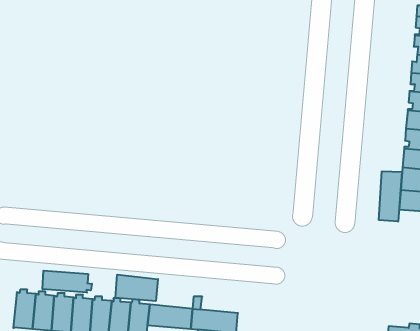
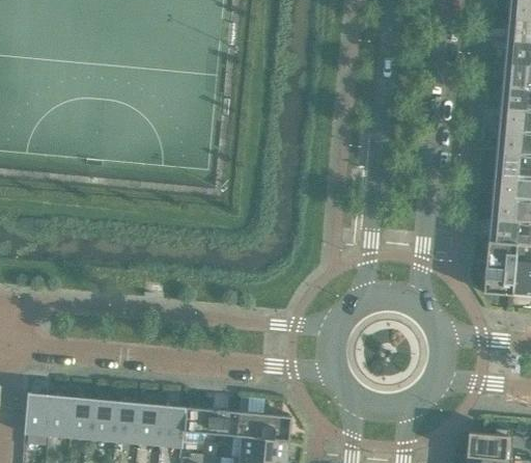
building: [379,171,402,222] -> none
building: [43,271,92,293] -> none
building: [116,275,158,301] -> none

